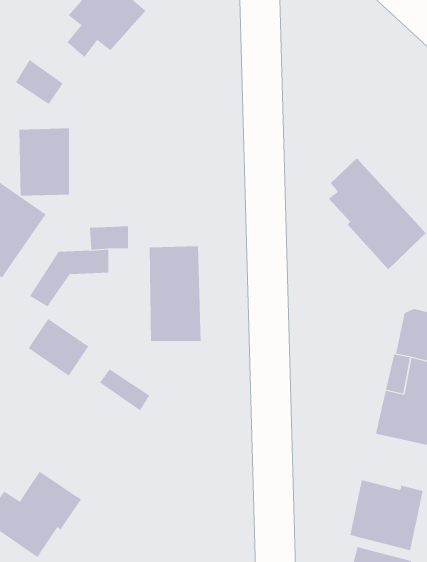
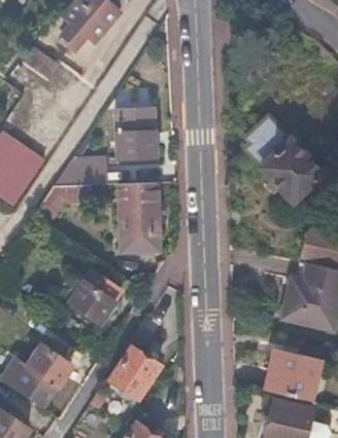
building: [19,128,70,196] -> [117,109,155,158]
building: [28,318,89,377] -> [70,281,114,323]
building: none -> [109,346,162,403]

